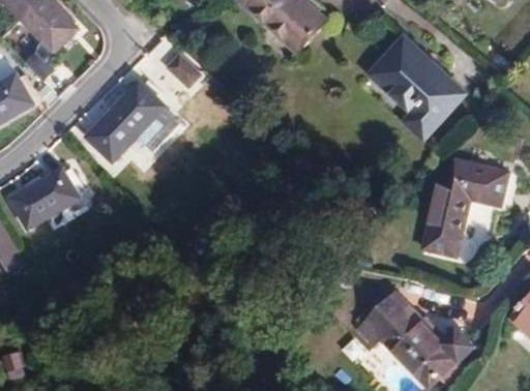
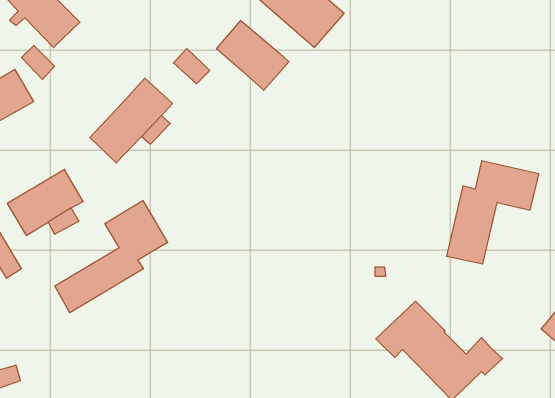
building: none -> [217,20,289,90]
building: [371,36,465,138] -> none
building: none -> [55,201,168,313]

